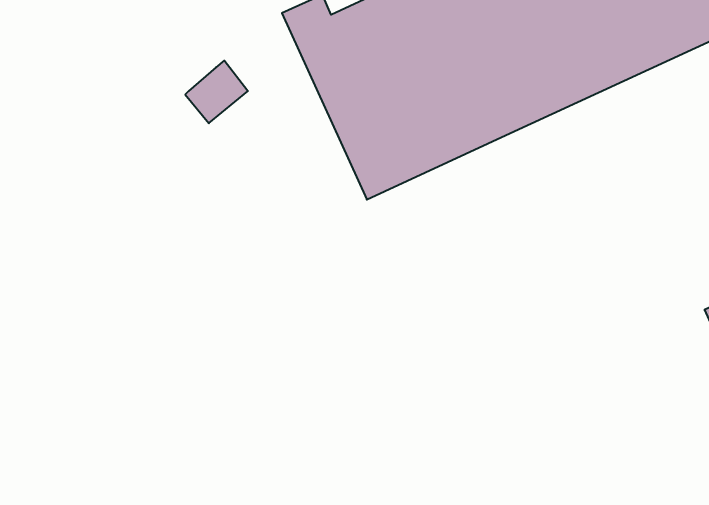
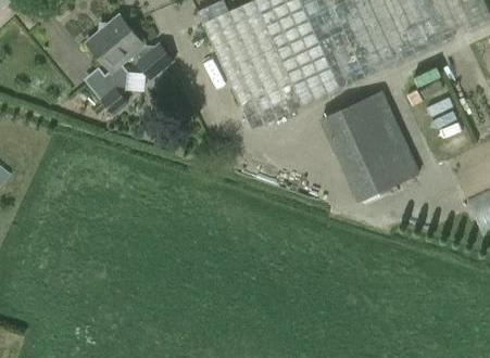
building: none -> [83,14,146,116]
building: none -> [319,90,420,203]

